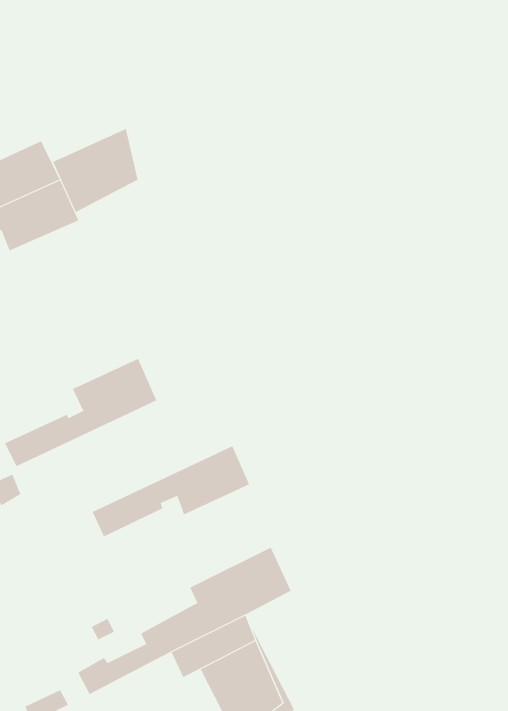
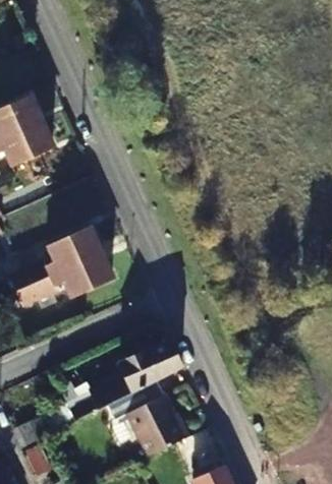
building: [53,128,138,213] -> none
building: [92,446,250,537] -> [16,254,111,309]

